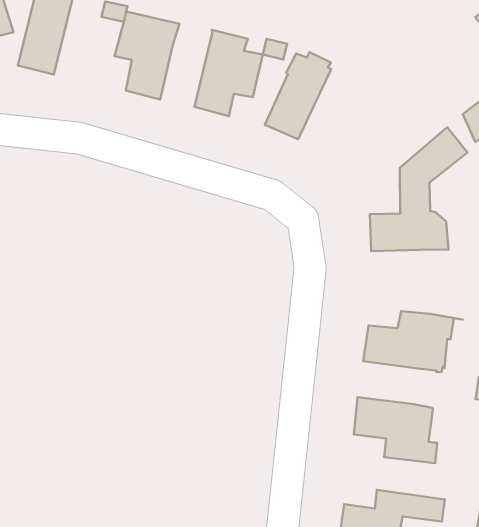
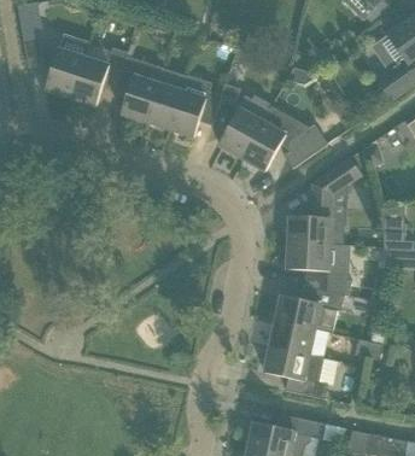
building: none -> [70,57,109,105]
building: none -> [145,68,186,128]
building: none -> [241,106,327,170]
building: none -> [286,241,352,296]
building: none -> [269,320,314,353]

